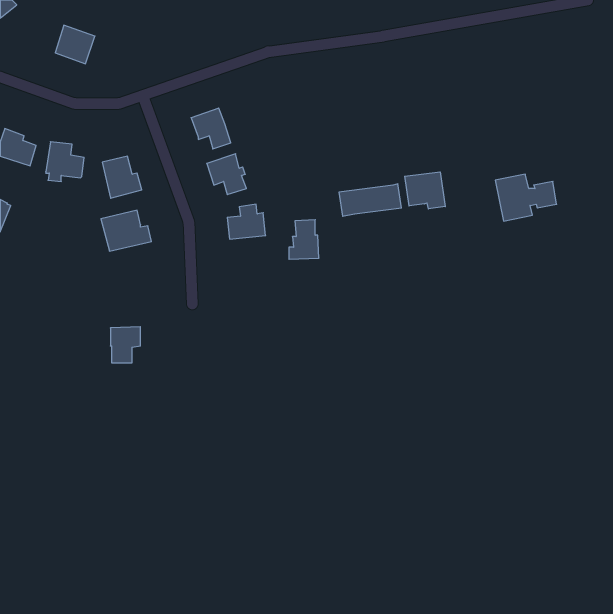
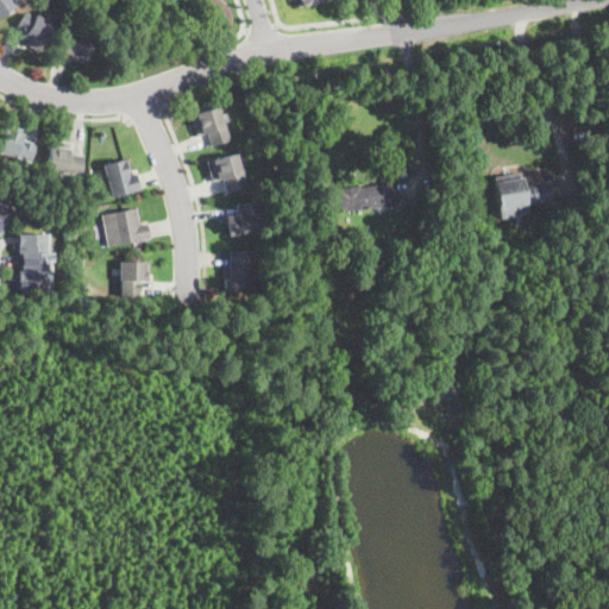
building: none -> [15,10,55,52]
building: [405,172,445,209] -> none
building: [289,220,319,259] -> [225,251,255,290]
building: none -> [18,232,59,288]
building: [110,327,140,363] -> [120,262,150,297]

